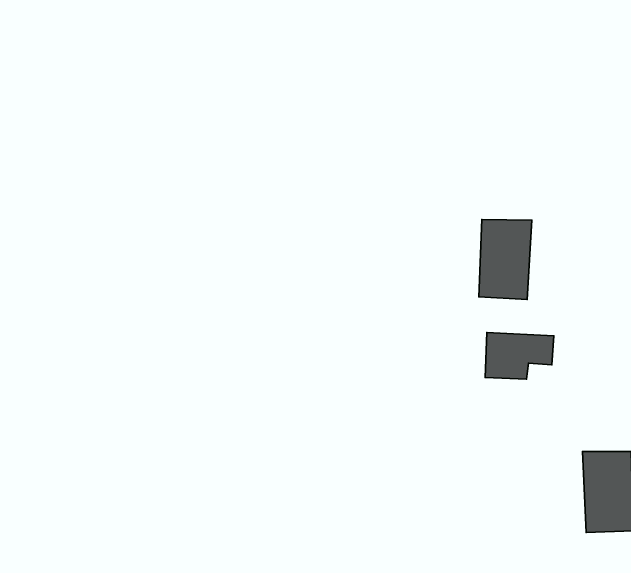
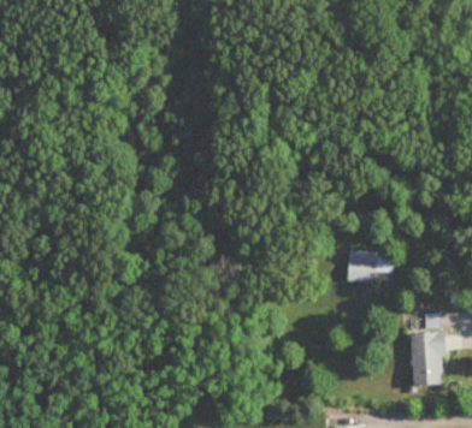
building: [479,219,532,299] -> none

